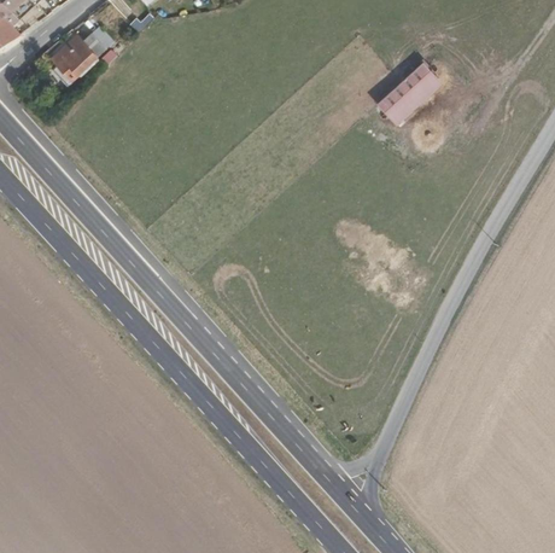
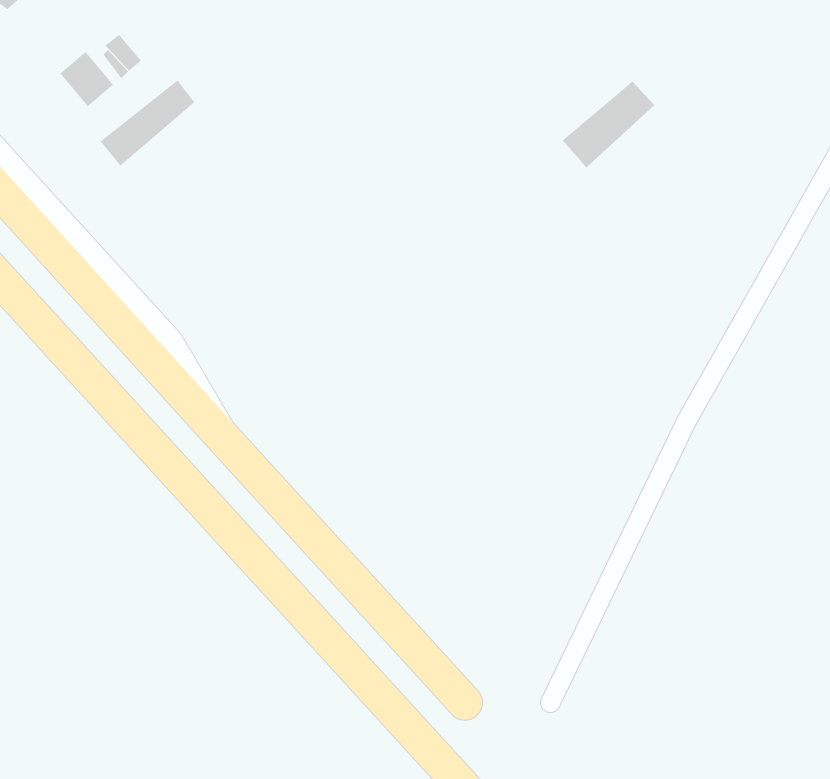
building: none -> [100,80,195,166]

